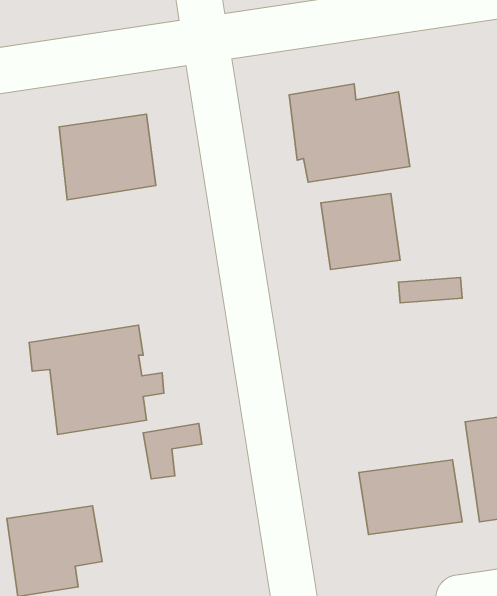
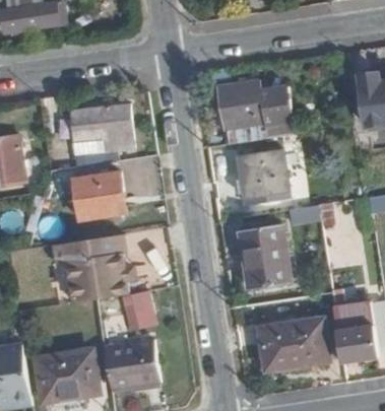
building: none -> [72,172,124,219]
building: none -> [241,225,290,289]
building: none -> [104,341,158,391]

